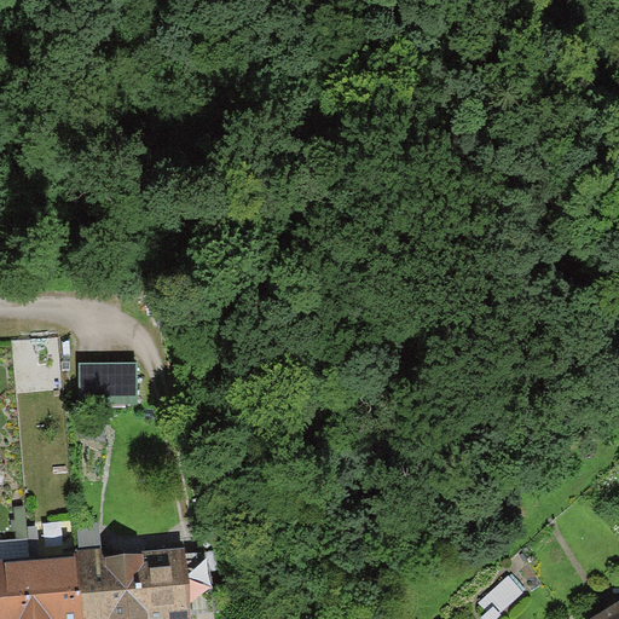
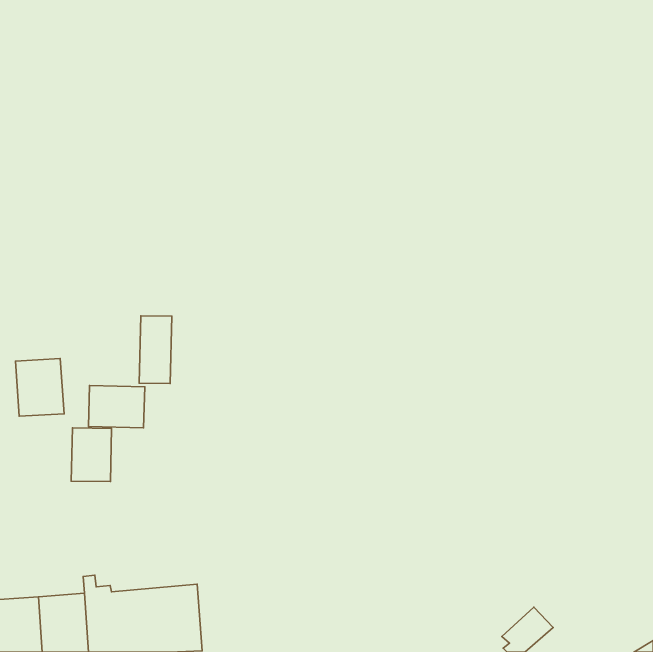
building: none -> [139,316,172,384]
building: none -> [71,428,112,482]

